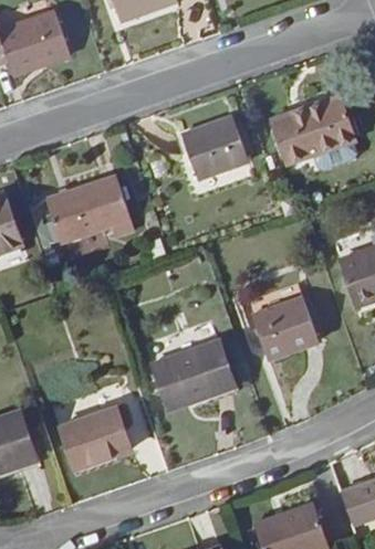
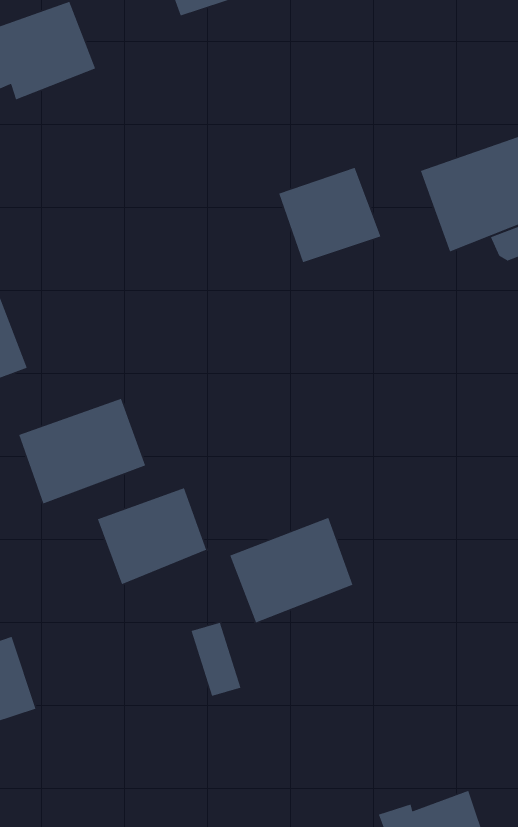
building: [49,175,129,242] -> [18,398,146,504]
building: [251,295,315,355] -> none
building: [58,405,127,467] -> [97,487,207,585]

